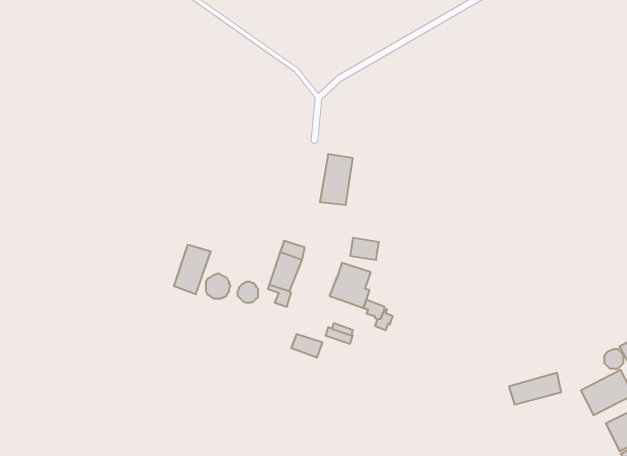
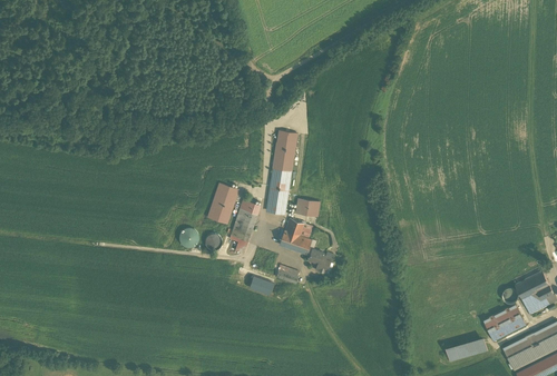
building: none -> [265,168,292,214]
building: [174,245,211,294] -> [207,182,237,222]
building: [509,373,561,404] -> [444,336,487,362]

